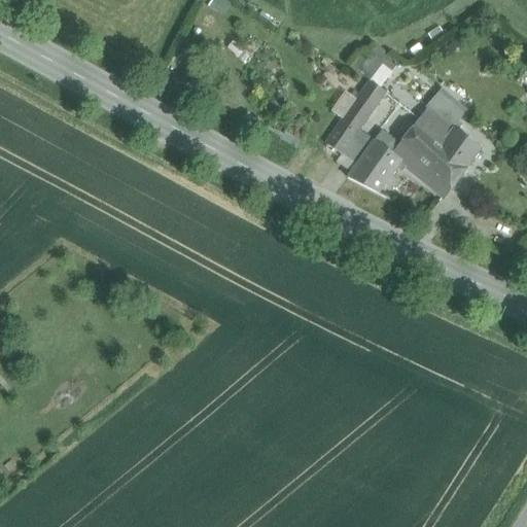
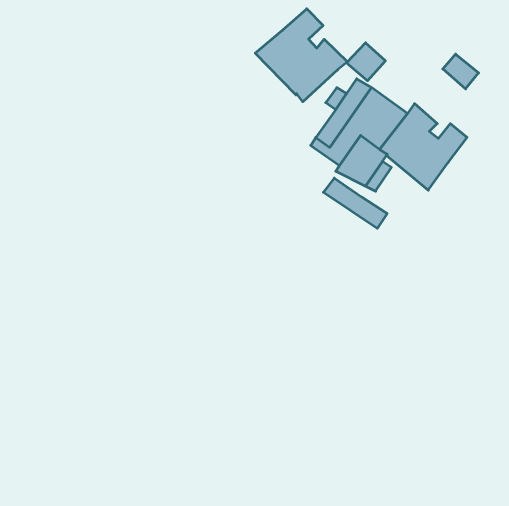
building: none -> [255,9,347,102]
building: [428,92,465,128] -> [443,54,479,89]
building: none -> [323,178,387,228]

